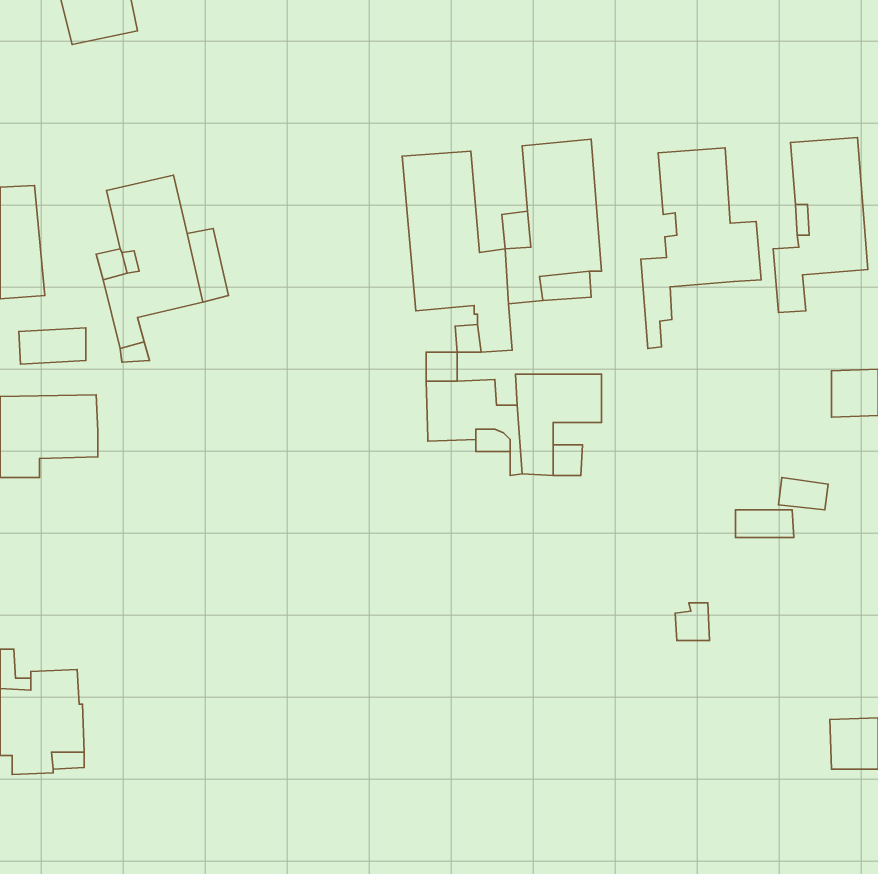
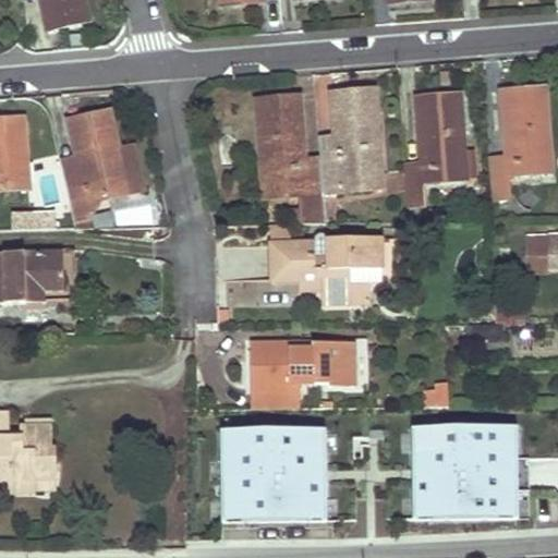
building: none -> [251,342,353,409]
building: none -> [410,422,517,518]
building: none -> [218,423,326,520]

